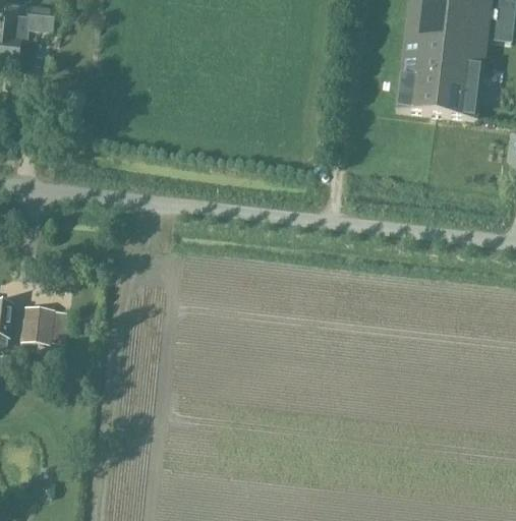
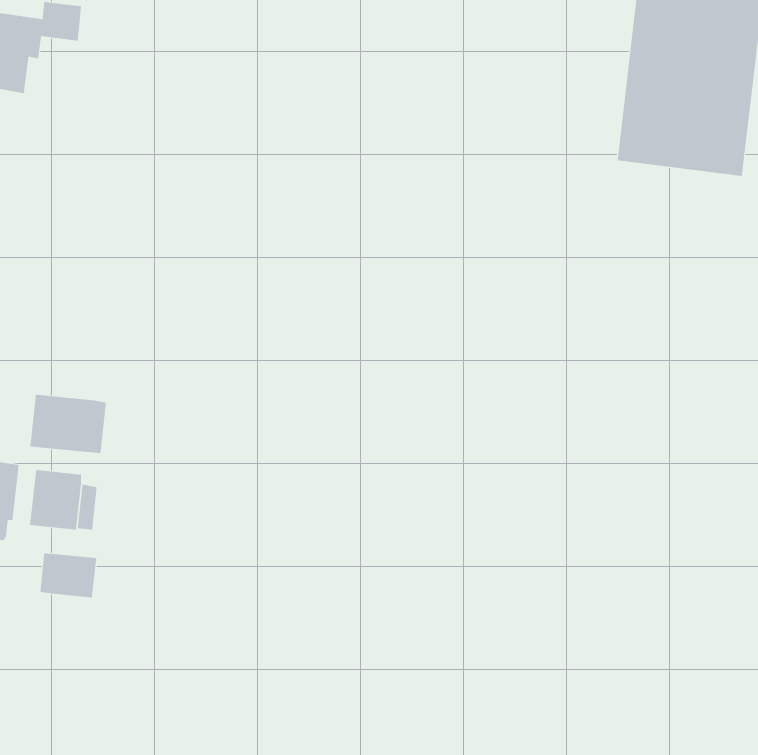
building: none -> [30,394,106,454]
building: none -> [40,553,97,599]

